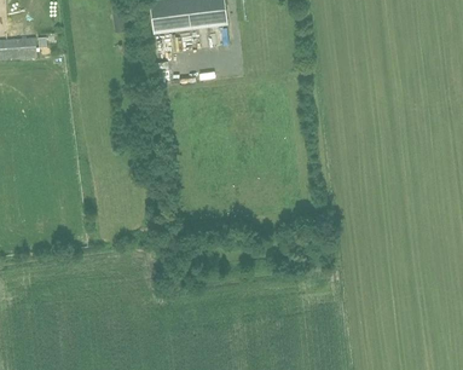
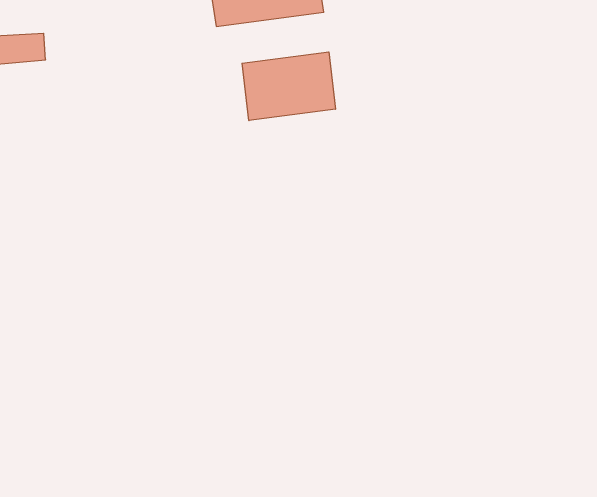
building: none -> [242,52,335,121]

